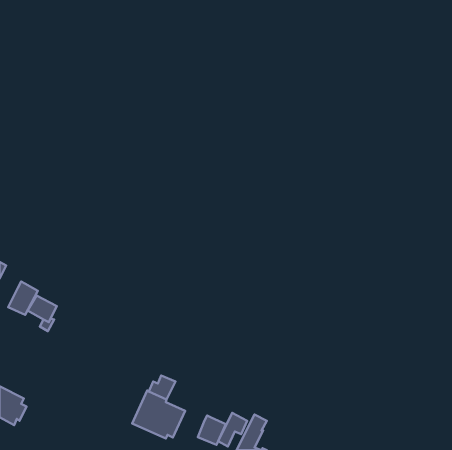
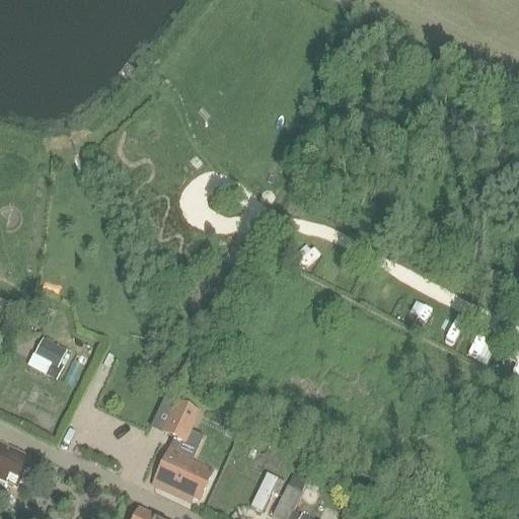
building: [8,282,38,315] -> none
building: none -> [163,400,195,438]
building: [198,415,226,445] -> none

